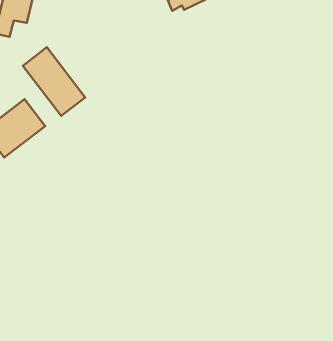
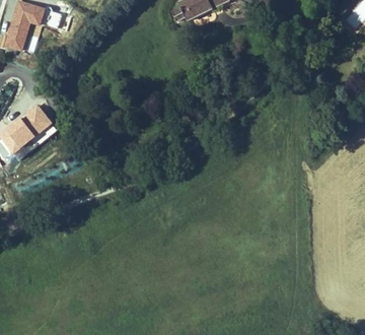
building: [23,47,85,116] -> none

